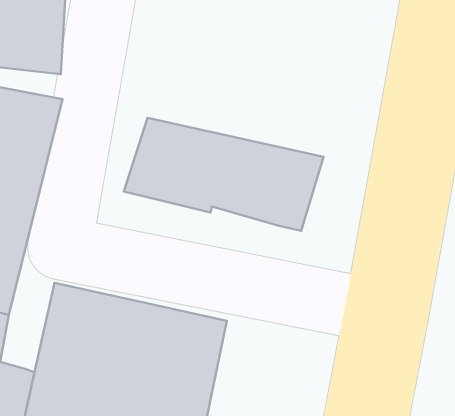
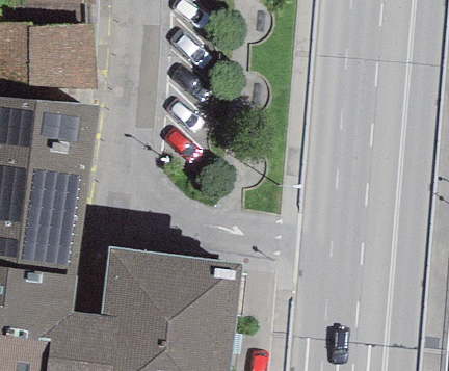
building: [124,118,323,231] -> none

